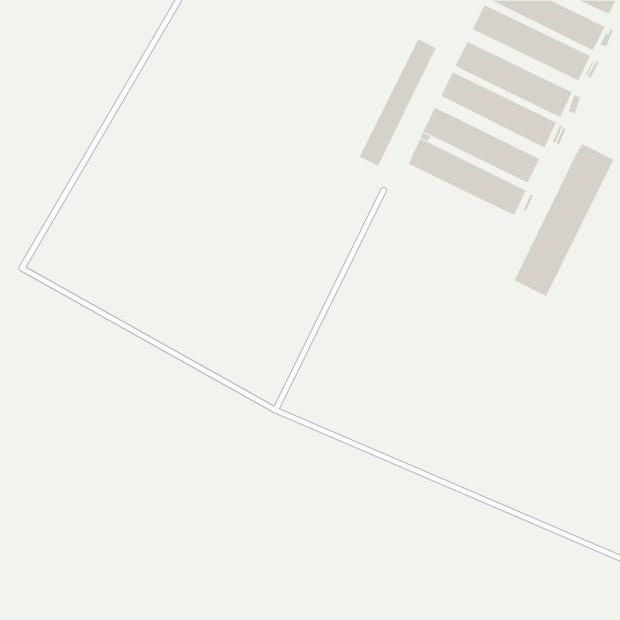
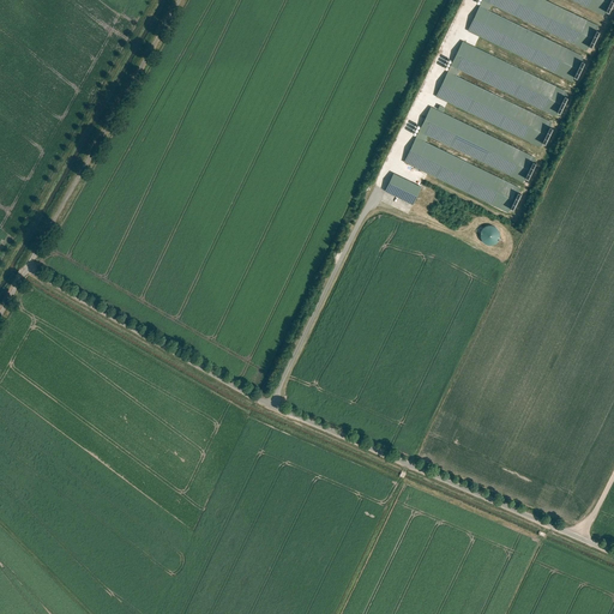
building: [359,39,436,167] -> none
building: [514,143,614,297] -> none
building: none -> [383,173,420,204]

